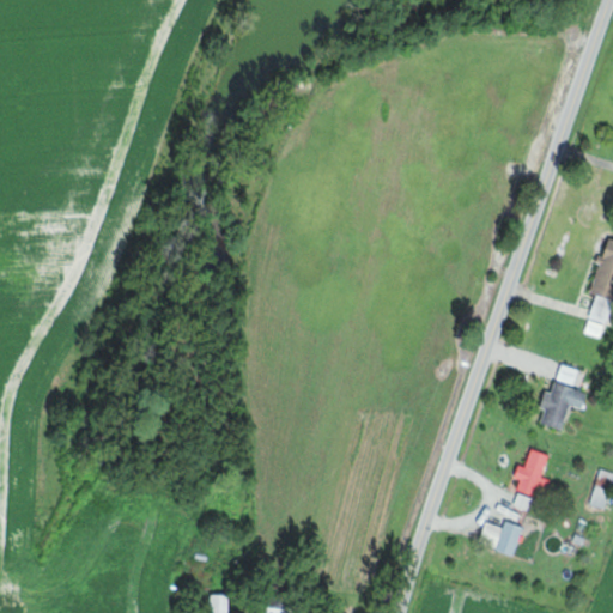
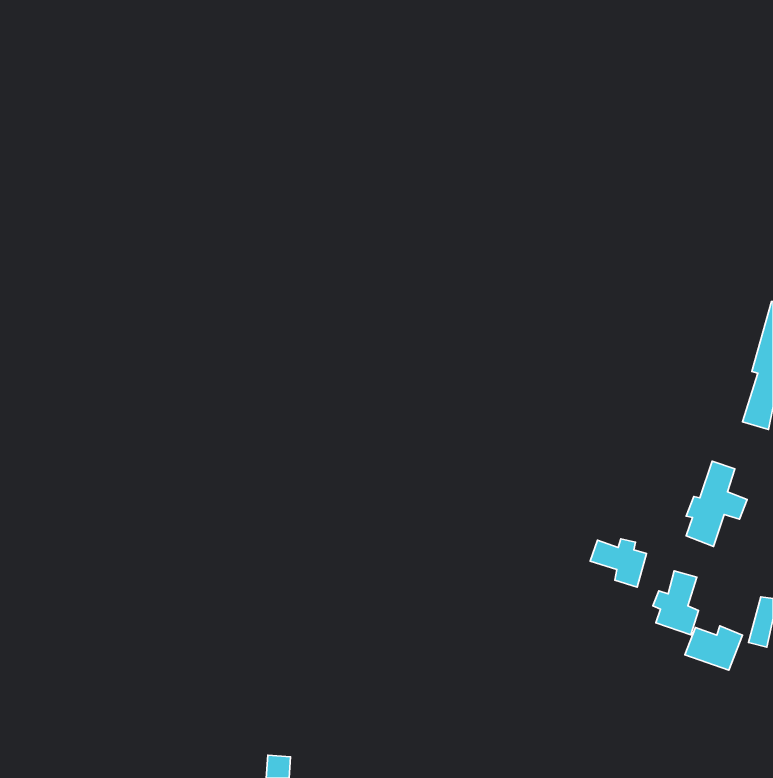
building: none -> [590,539,647,587]
building: [478,520,523,554] -> [685,626,743,670]

